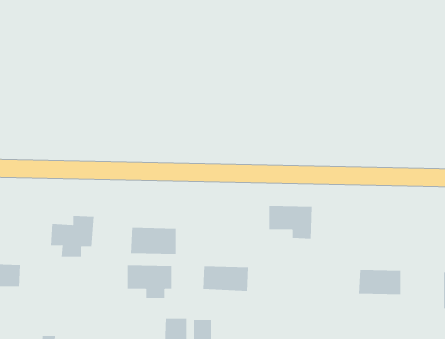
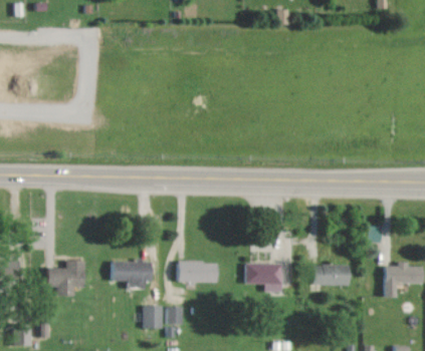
building: [268,205,313,239] -> [244,263,282,292]
building: [50,215,94,257] -> [46,260,84,296]
building: [131,227,176,255] -> none

